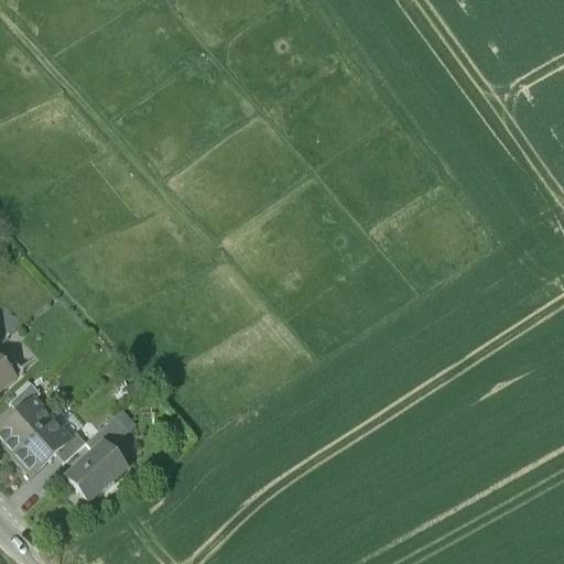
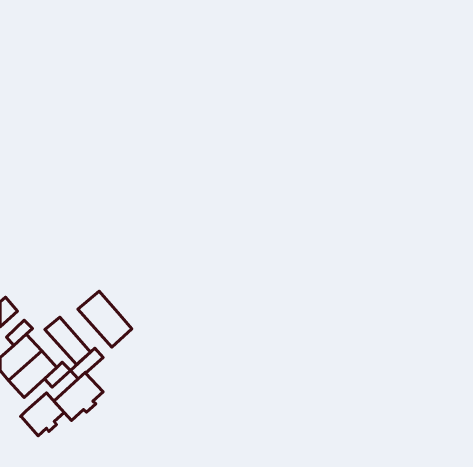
building: none -> [78,291,132,347]
building: none -> [45,317,90,365]
building: none -> [20,393,64,436]

